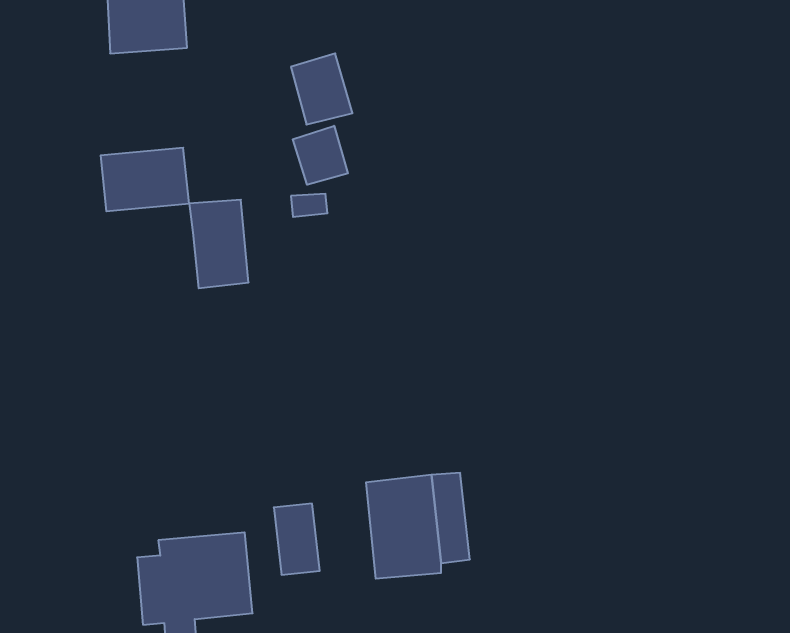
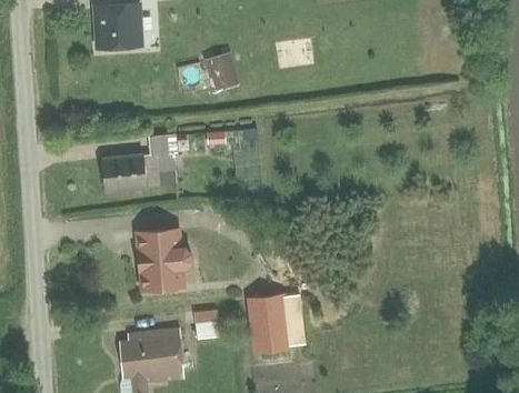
building: [293,126,348,185] -> none
building: [101,148,189,211] -> [99,154,150,191]
building: none -> [134,226,194,293]

